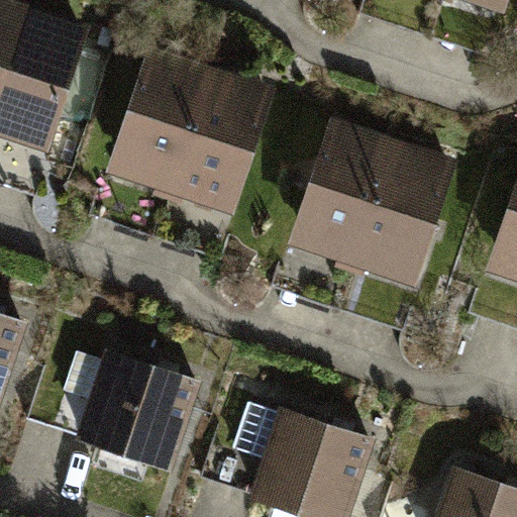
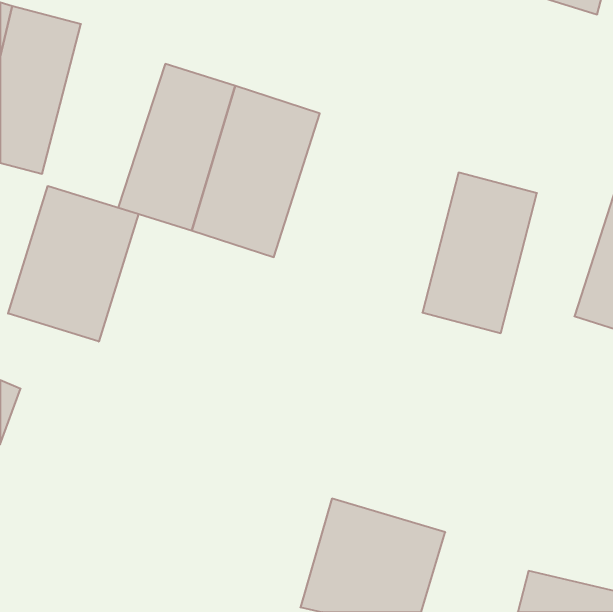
building: [290,127,387,262] -> none
building: none -> [8,186,139,342]
building: [76,351,197,469] -> none

